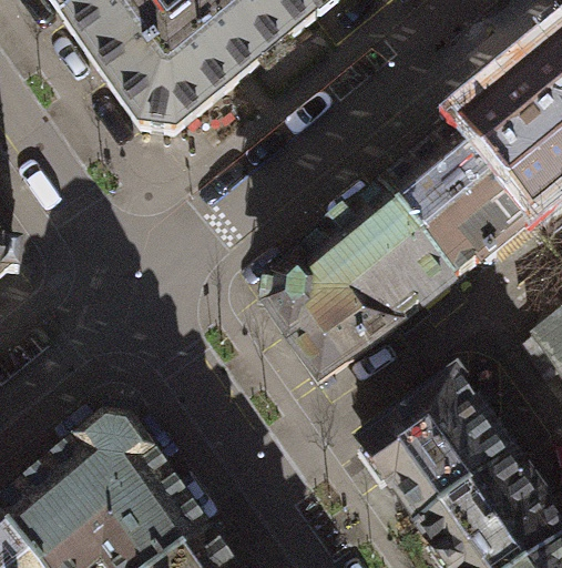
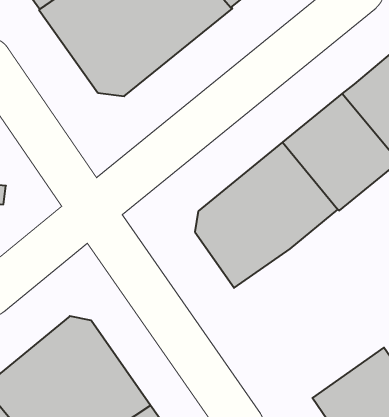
building: [366,376,515,521] -> none

